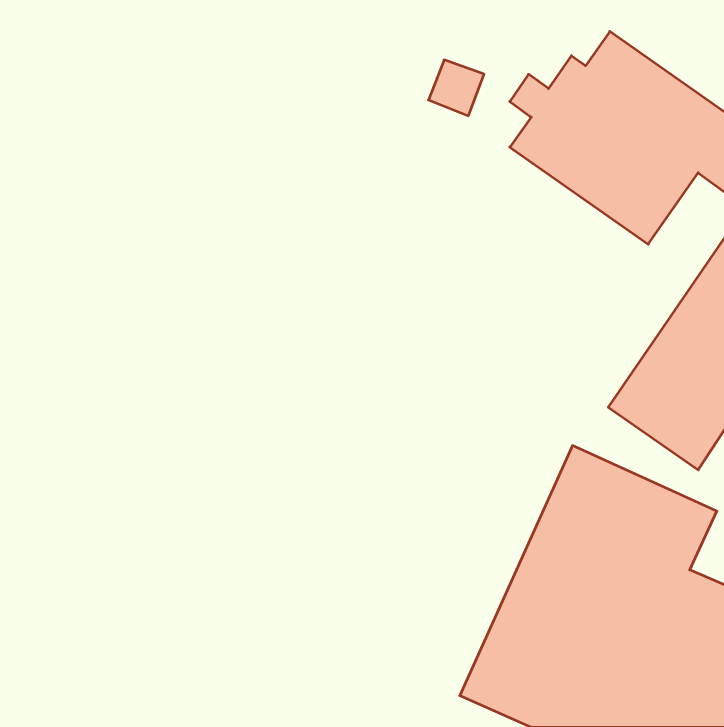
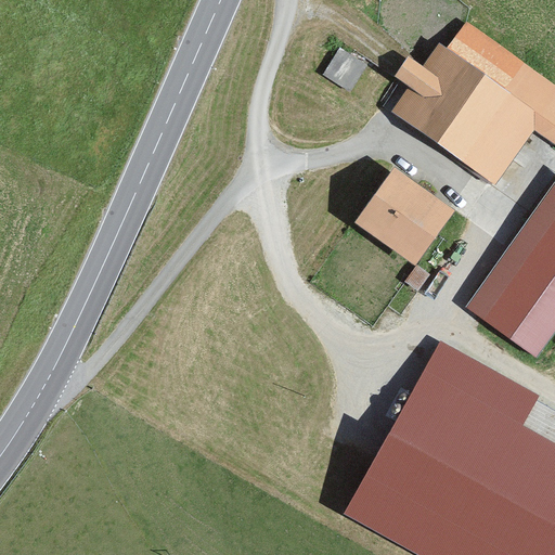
building: none -> [351,168,450,266]

